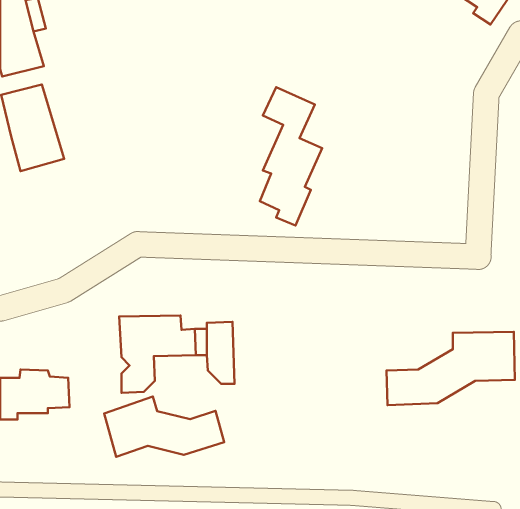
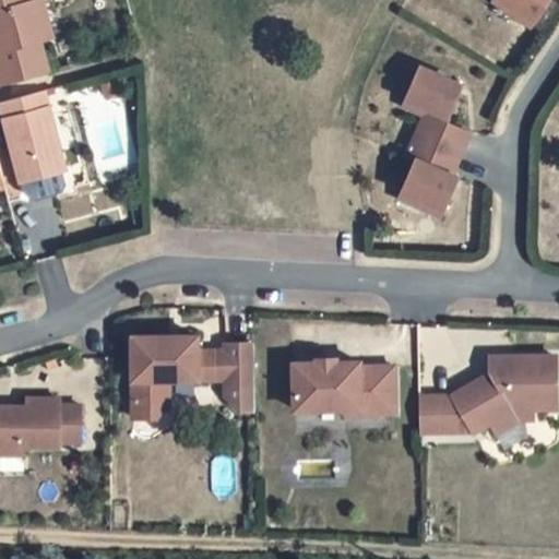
building: [260,87,322,226] -> [399,68,465,216]
building: none -> [293,361,395,417]
building: [104,396,224,457] -> none

